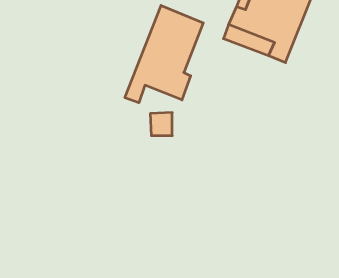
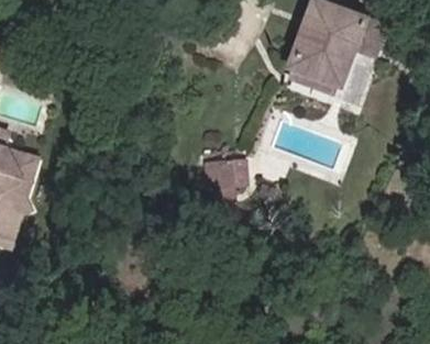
building: [125,5,203,103] -> none

